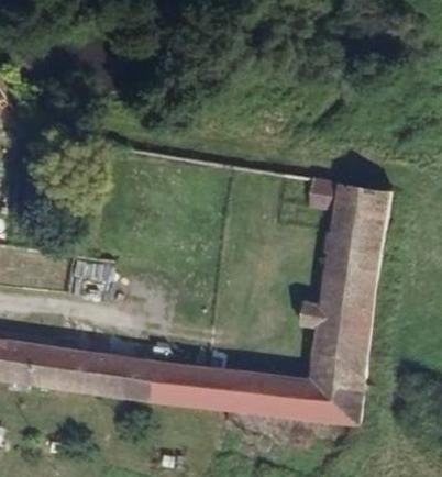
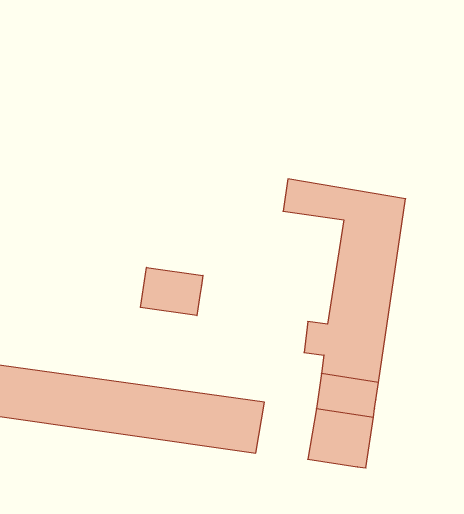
building: none -> [140,267,203,316]
building: [255,371,309,422] -> none

